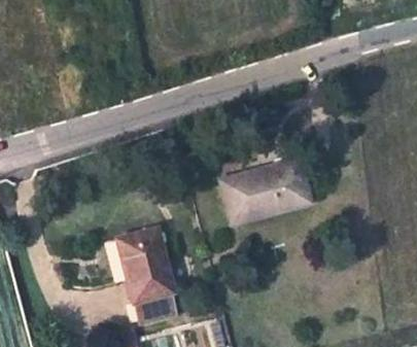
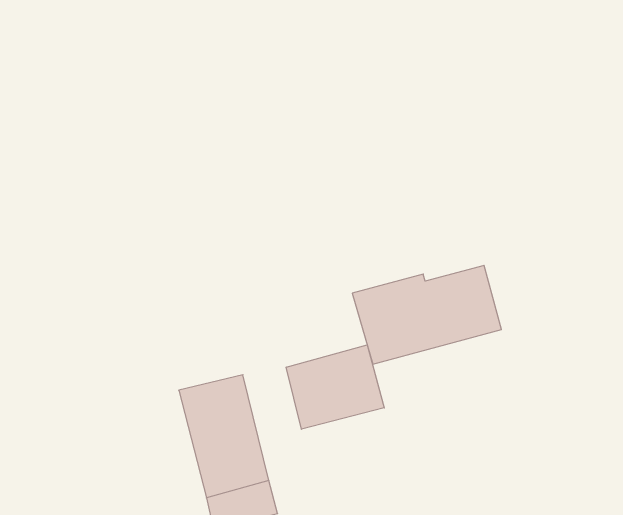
building: none -> [286,345,384,429]

